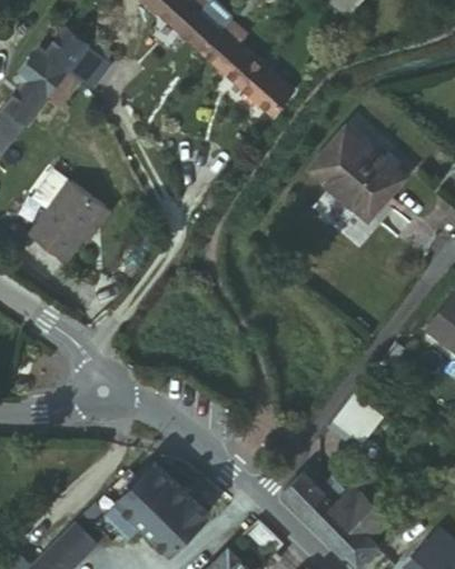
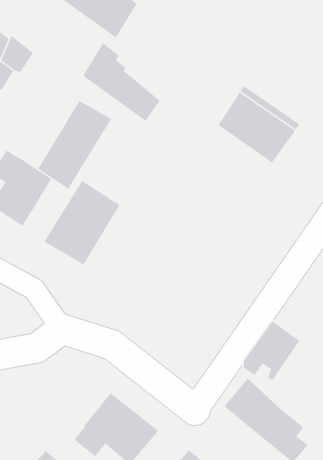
building: [200,20,288,117] -> [82,42,160,122]
building: none -> [37,100,112,190]
building: none -> [44,180,120,266]

